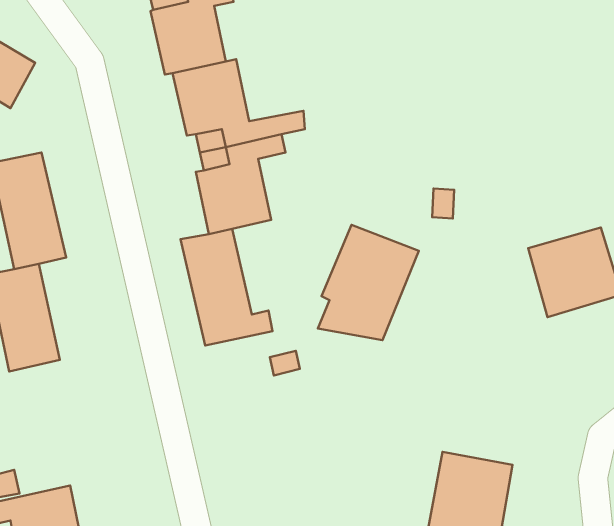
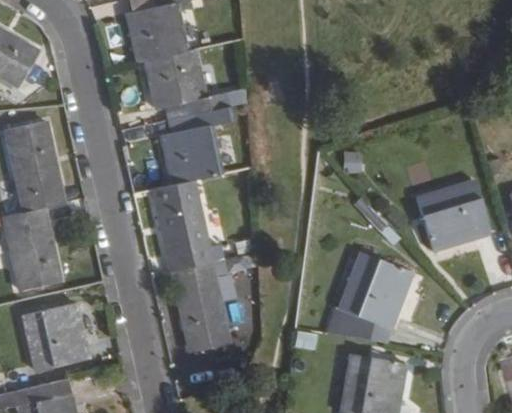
building: [318,225,419,340] -> [337,252,415,341]
building: none -> [170,260,228,351]
building: none -> [24,304,88,369]

